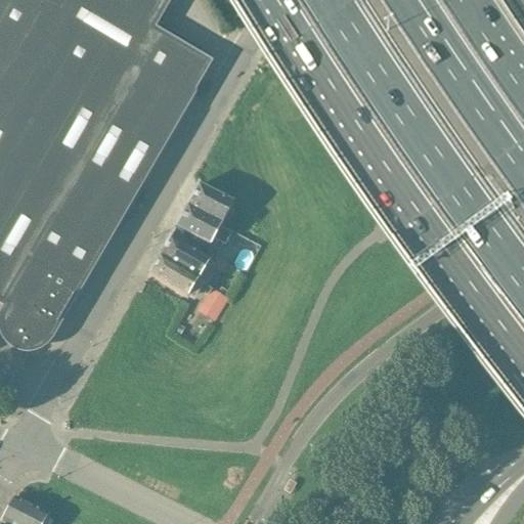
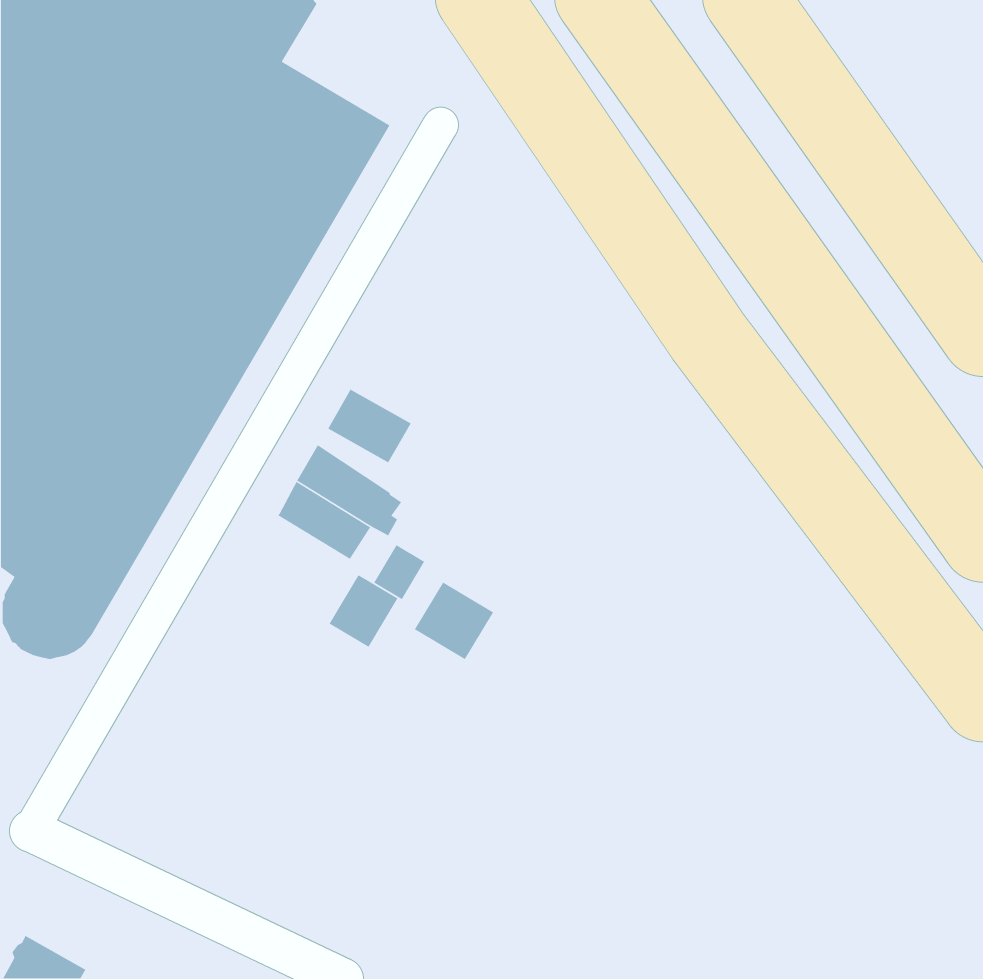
building: [186,185,230,225] -> none
building: none -> [328,574,399,648]
building: none -> [414,582,494,660]

